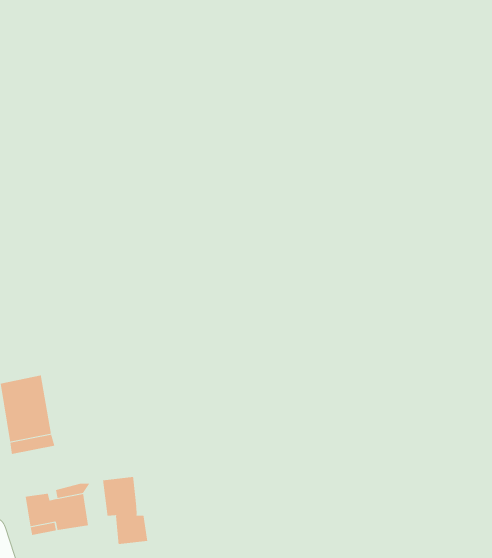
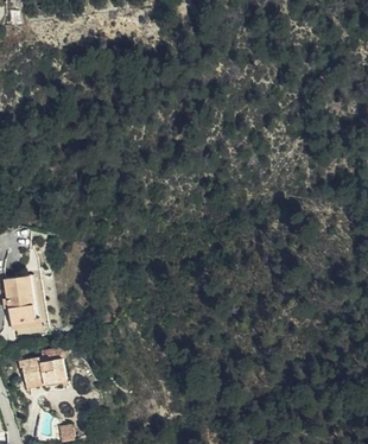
building: [103,476,148,545] -> none

